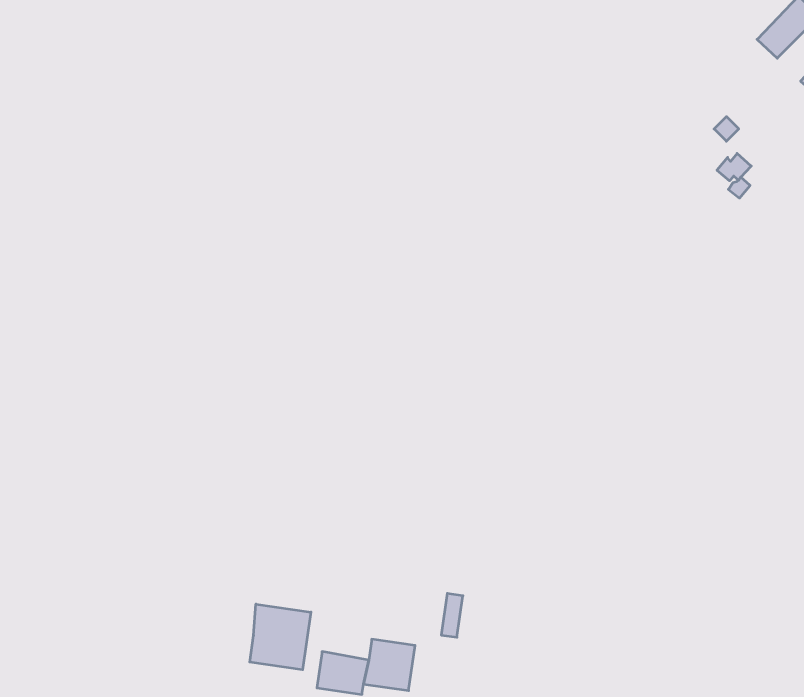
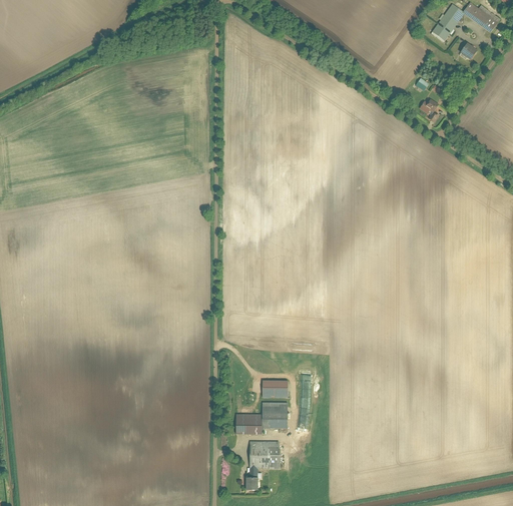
building: none -> [262,380,288,397]
building: [250,604,311,670] -> none

